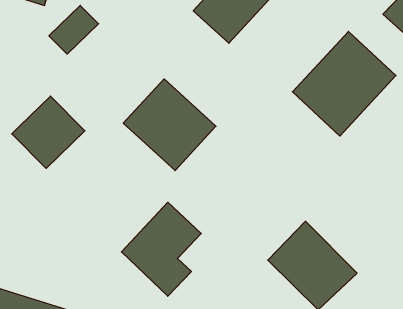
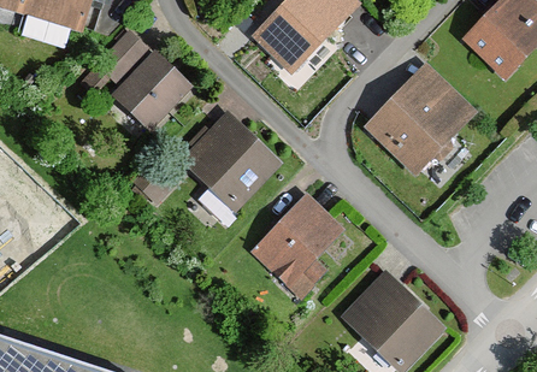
building: [12,96,85,168] -> [104,52,185,132]
building: [121,202,201,296] -> [246,195,335,300]

